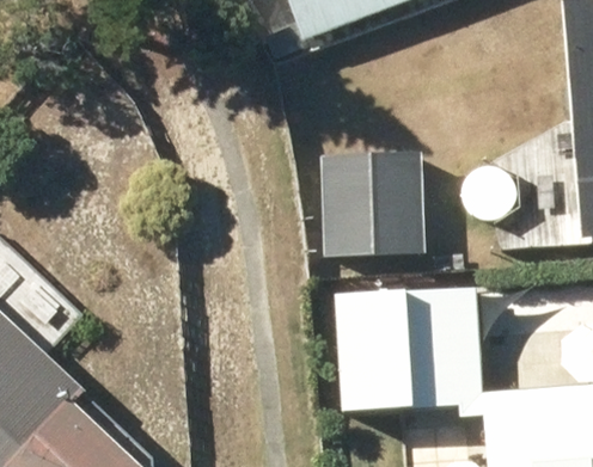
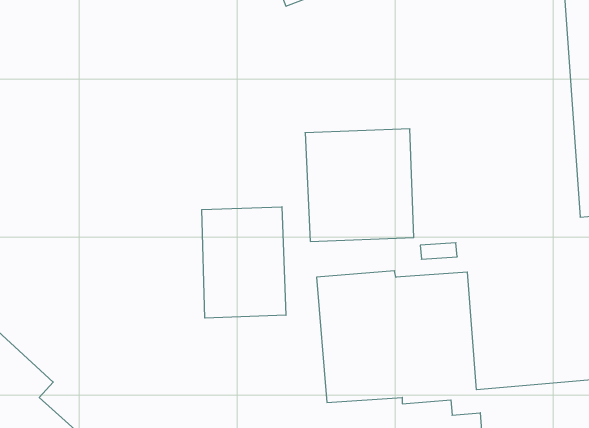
building: none -> [202,207,286,318]

